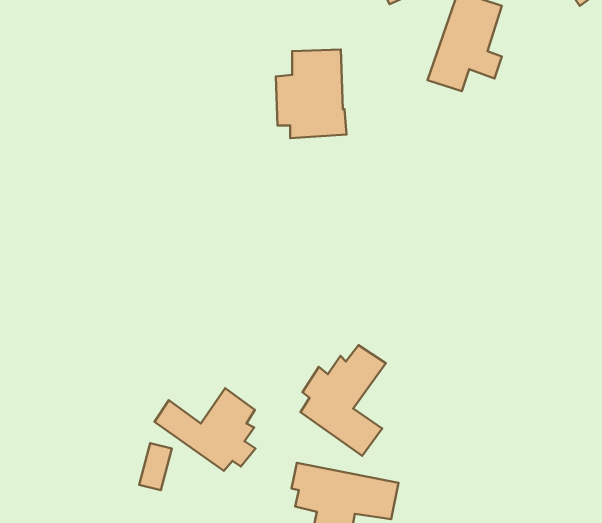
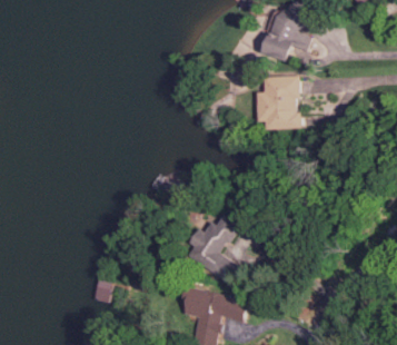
building: [276,49,346,138] -> [256,76,299,130]
building: [154,388,255,471] -> none

